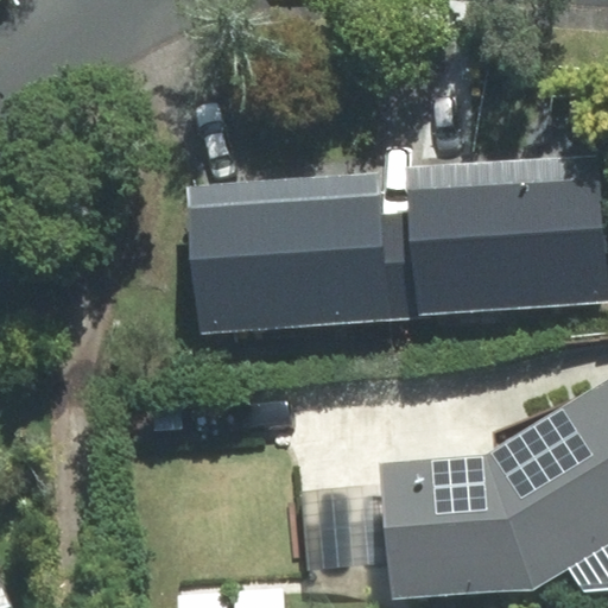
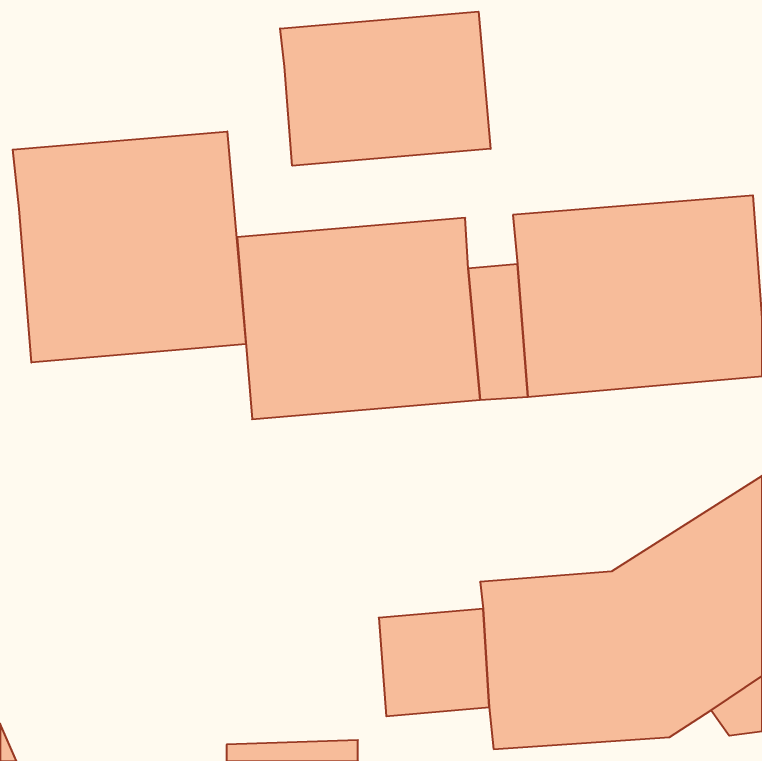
building: none -> [280,12,491,166]
building: none -> [13,131,246,363]

